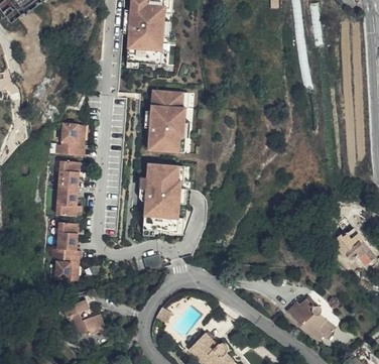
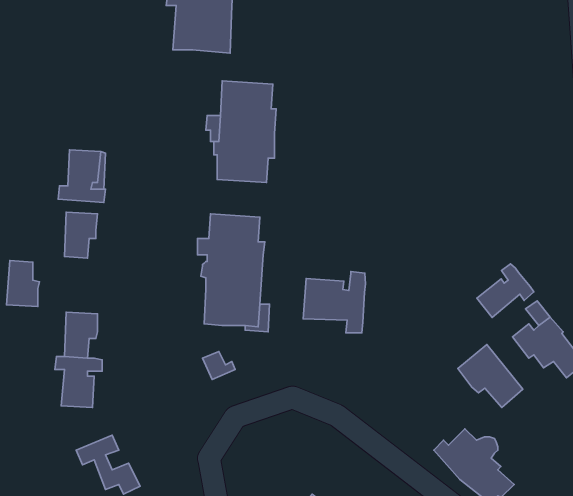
building: [55,193,76,221] -> [7,261,39,306]
building: none -> [477,264,534,317]
building: none -> [303,271,366,333]
building: none -> [458,344,523,407]

